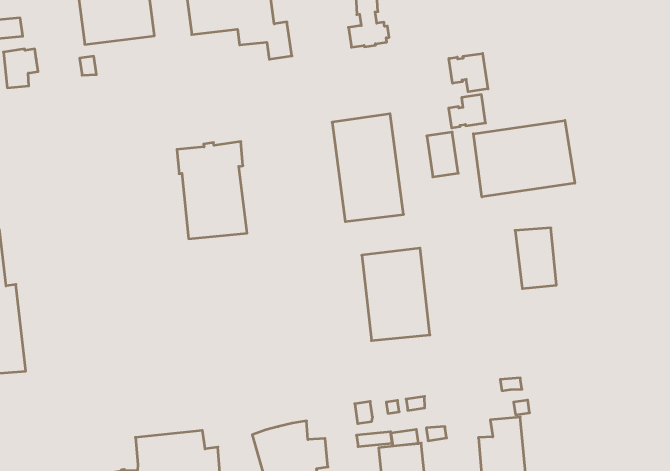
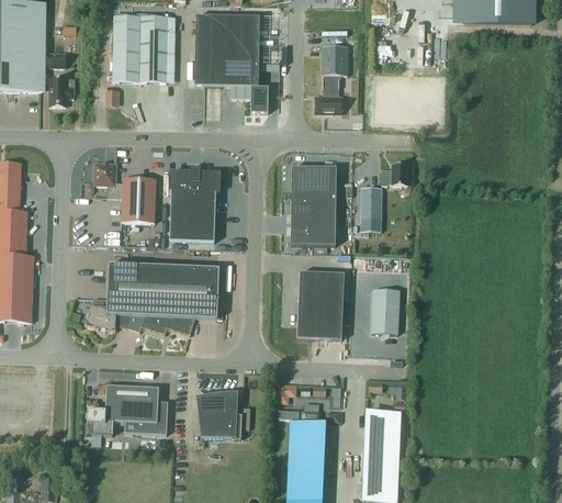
building: [449,53,488,92] -> none
building: [473,120,575,197] -> none
building: none -> [94,163,156,222]
building: [515,228,556,289] -> [371,288,400,334]
building: none -> [85,262,218,334]

